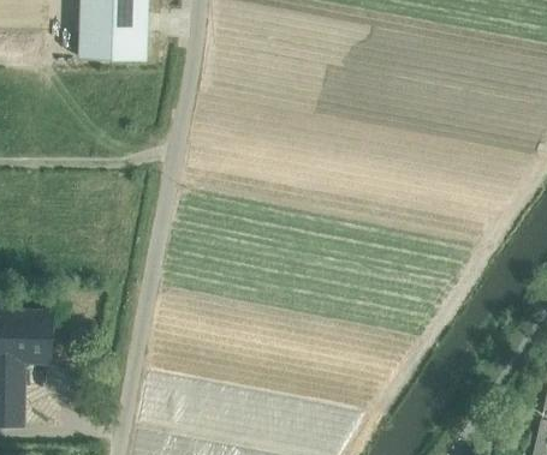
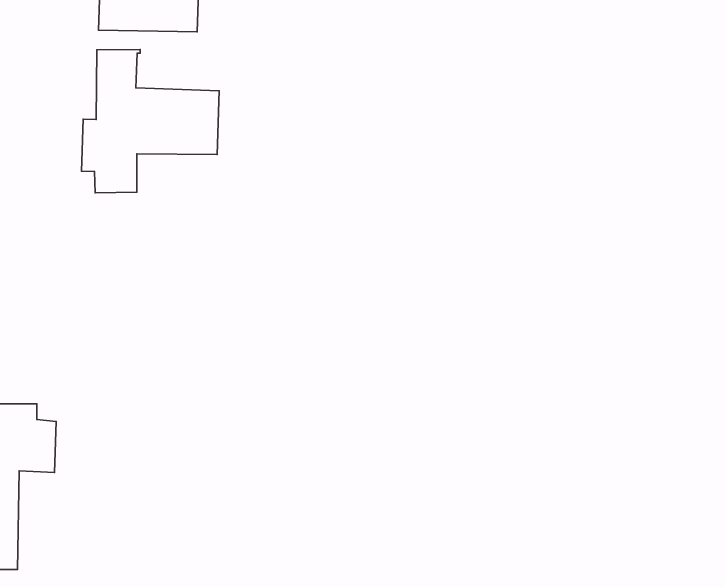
building: none -> [81,49,219,193]

